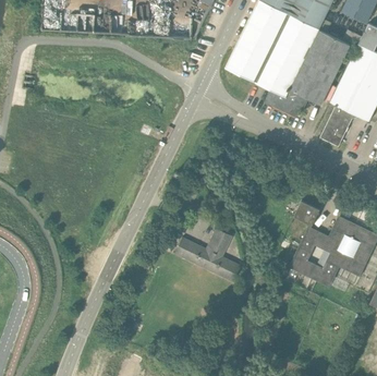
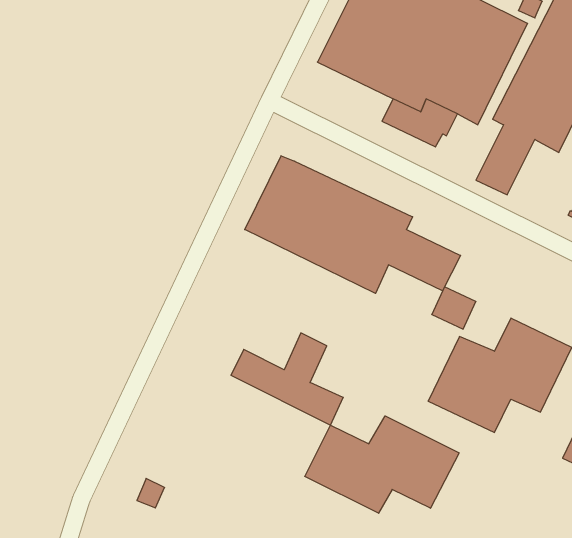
building: none -> [245,156,461,293]
building: none -> [305,416,459,513]

